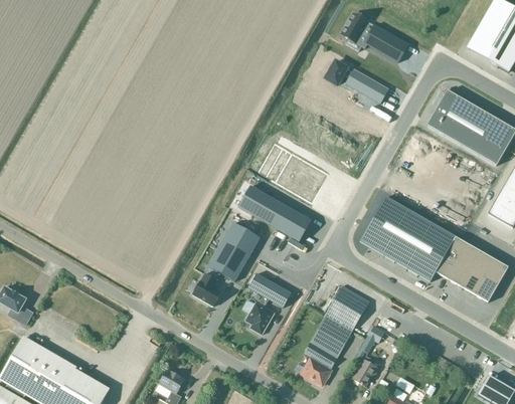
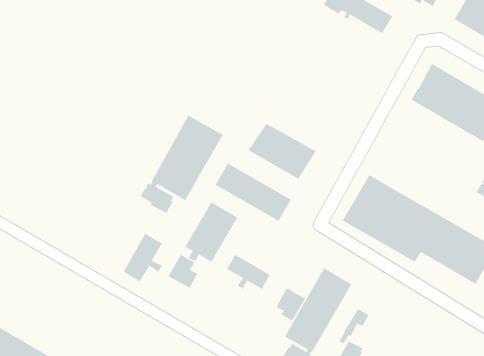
building: [325,60,388,106] -> none
building: none -> [140,115,223,213]
building: none -> [123,233,162,282]
building: [245,301,275,334] -> [276,288,306,322]

